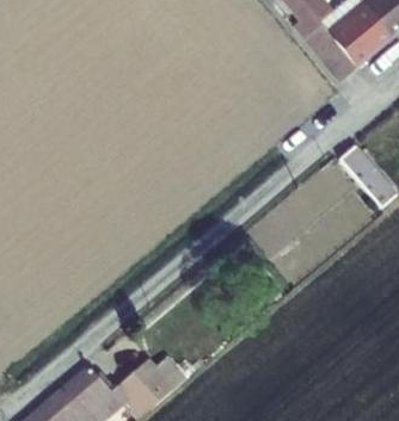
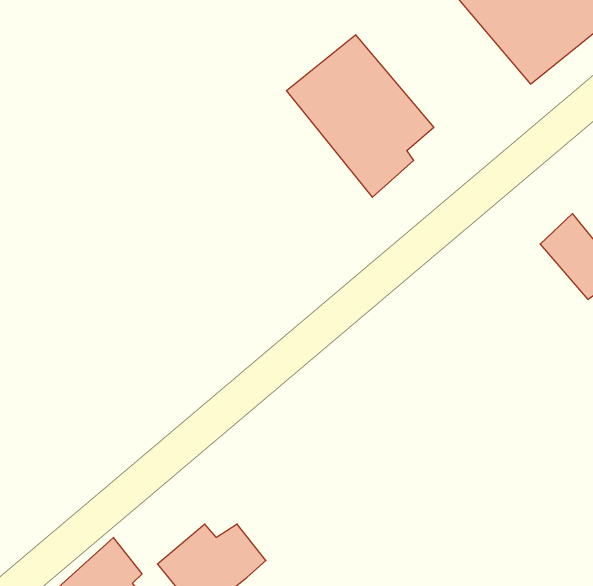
building: none -> [287,35,434,197]

